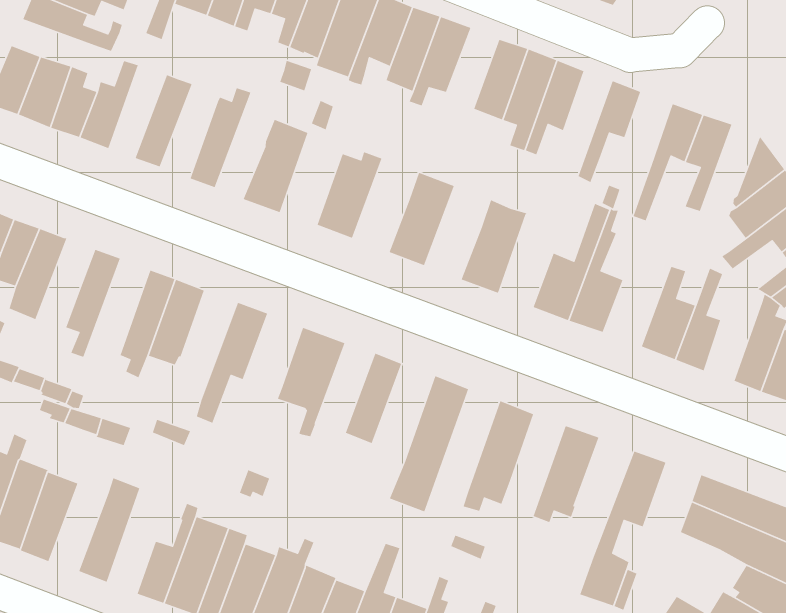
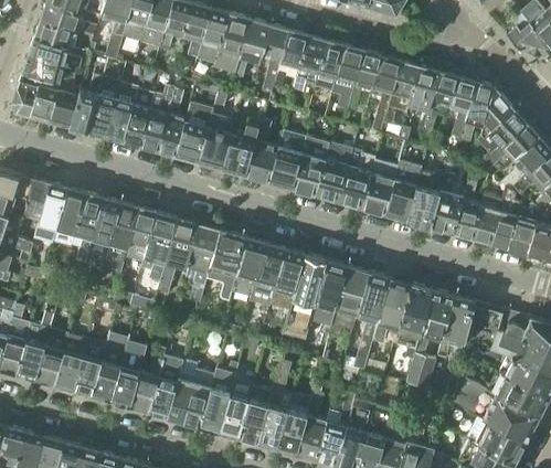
building: none -> [22,55,76,85]
building: none -> [296,36,326,87]
building: none -> [88,77,120,136]
building: none -> [371,57,399,134]
building: none -> [121,87,155,146]
building: none -> [395,67,437,115]
building: none -> [157,88,186,156]
building: none -> [460,83,494,142]
building: none -> [199,115,234,168]
building: none -> [245,119,278,181]
building: none -> [292,136,329,194]
building: none -> [339,150,375,208]
building: none -> [52,189,85,246]
building: none -> [406,171,445,226]
building: none -> [84,199,120,265]
building: none -> [141,214,177,283]
building: none -> [471,190,504,243]
building: none -> [184,225,219,304]
building: none -> [232,240,265,296]
building: none -> [268,249,304,310]
building: none -> [310,262,346,326]
building: none -> [353,274,388,372]
building: none -> [394,285,432,360]
building: none -> [437,297,475,359]
building: none -> [73,341,106,396]
building: none -> [110,341,146,407]

